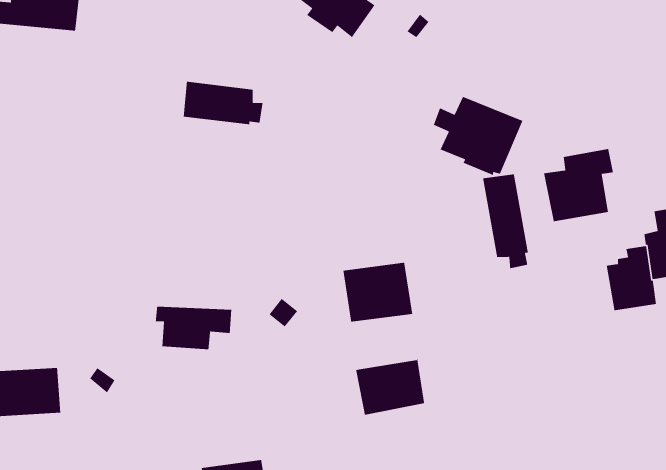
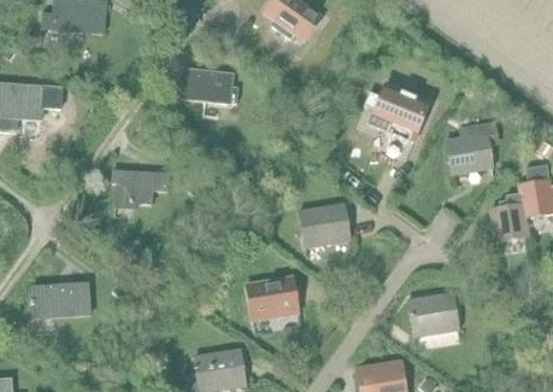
building: [482,173,529,269] -> none
building: [155,306,232,350] -> [112,170,169,203]
building: [355,358,426,420] -> [245,276,296,322]
building: none -> [406,292,459,338]

